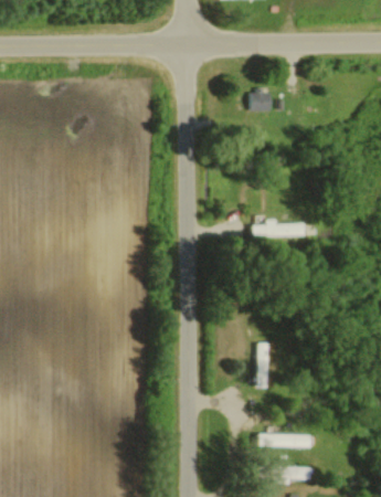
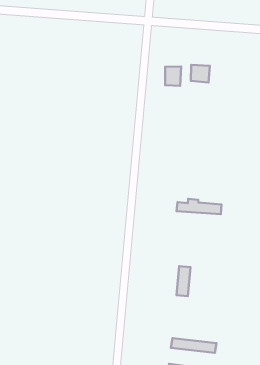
building: none -> [165,67,181,86]
building: [250,220,305,236] -> [177,199,222,214]

